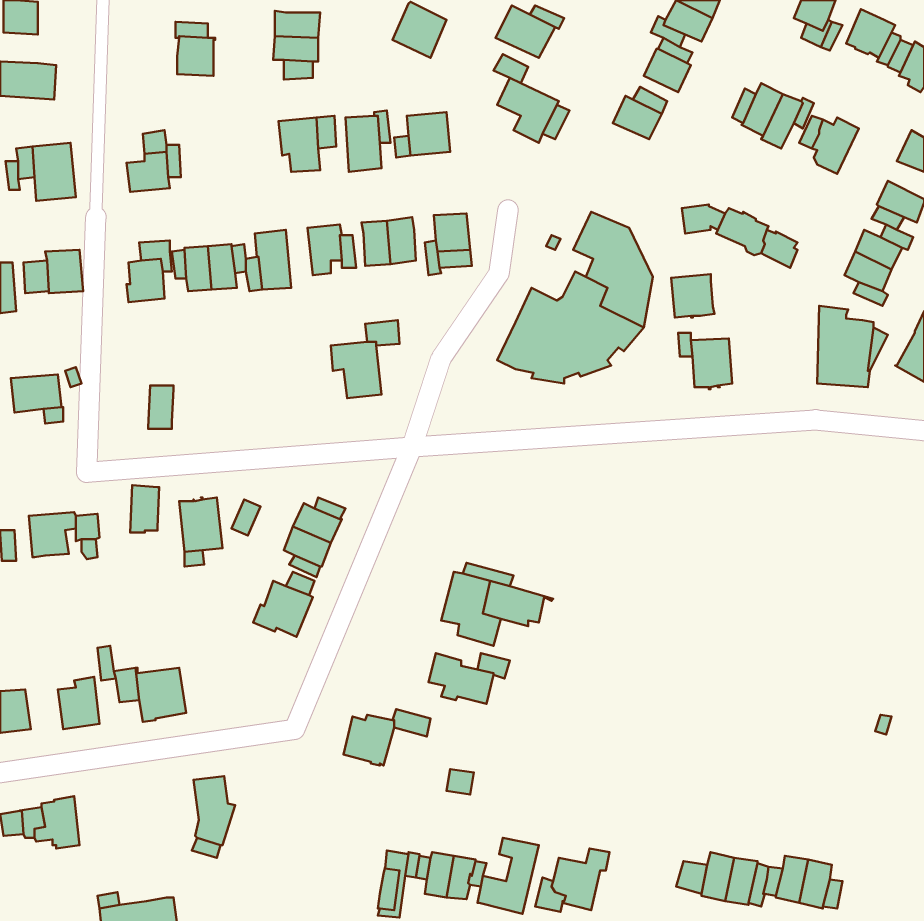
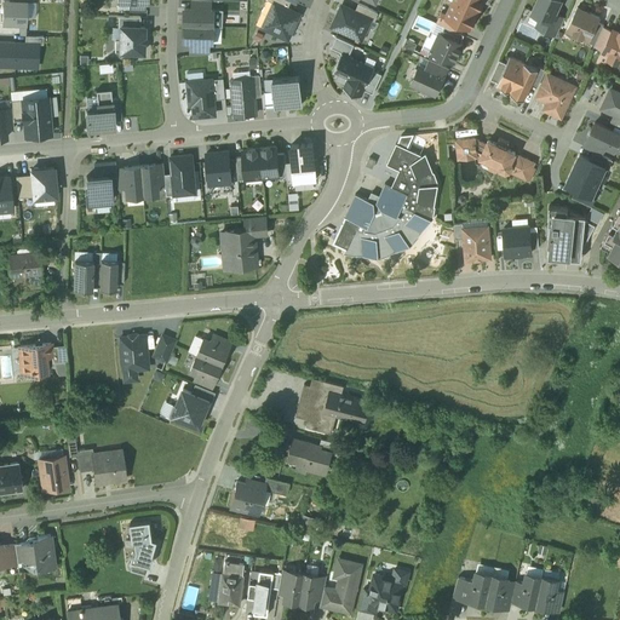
building: [671,274,715,318] -> [503,228,532,257]
building: [130,485,159,532] -> [73,260,92,292]
building: none -> [218,563,245,605]

